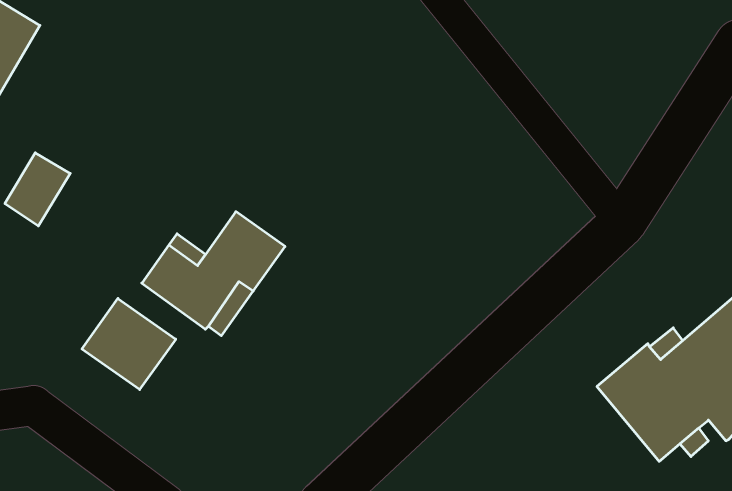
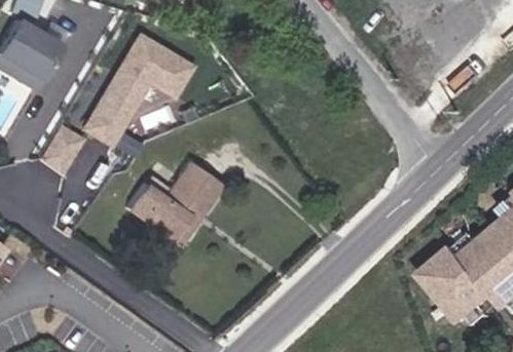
building: none -> [86,34,192,142]
building: [82,298,176,390] -> none

